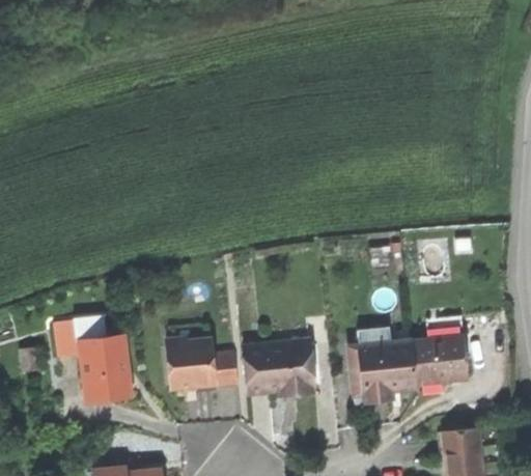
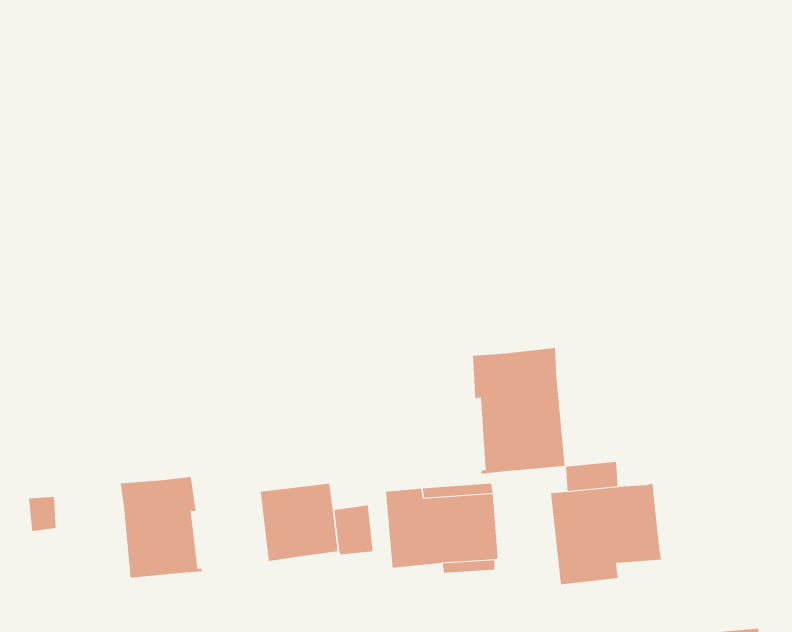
building: none -> [473,347,565,475]
building: [58,316,107,357] -> none
building: [412,337,468,382] -> none

